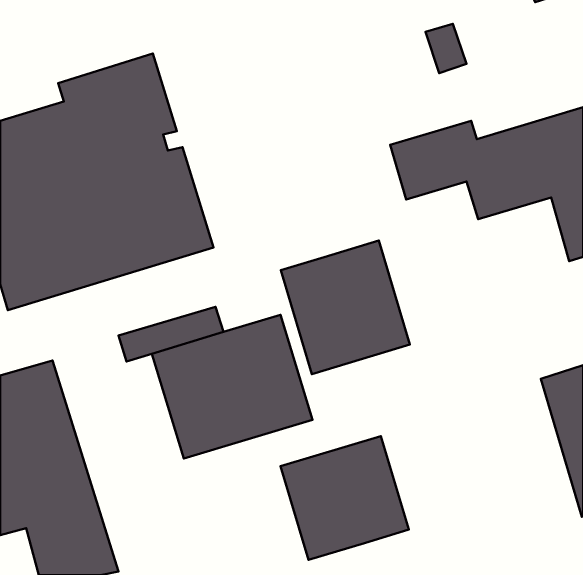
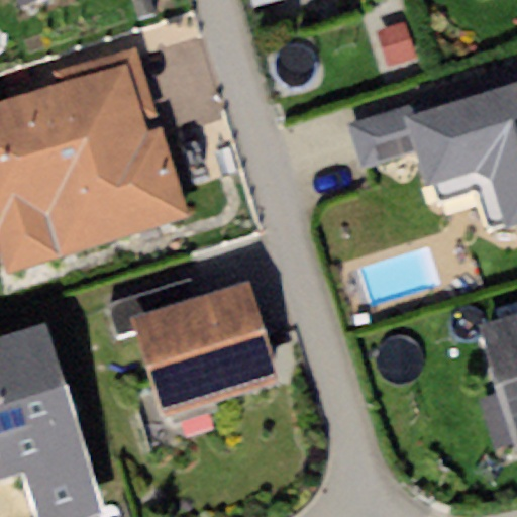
building: [281,241,410,374] -> none
building: [281,436,409,560] -> none

